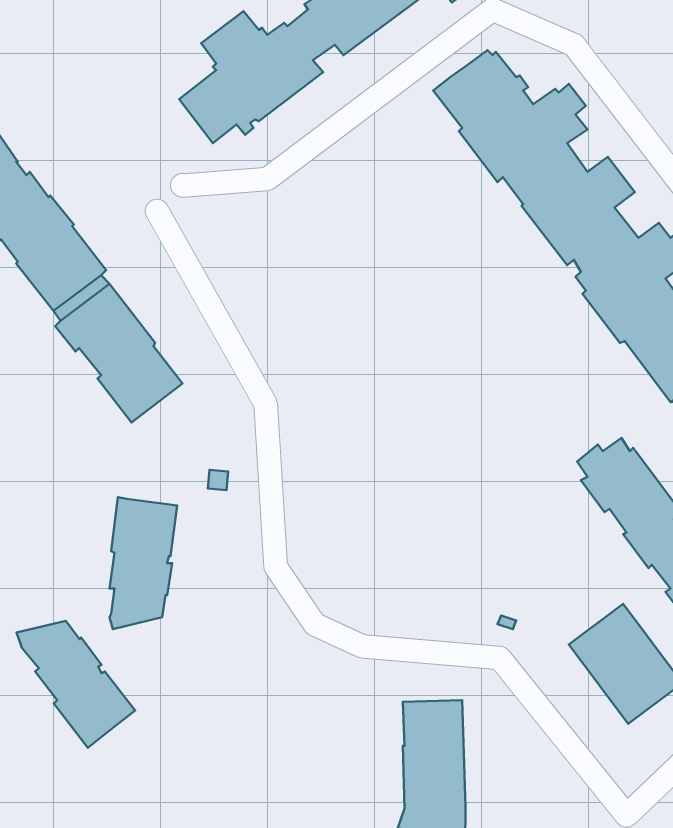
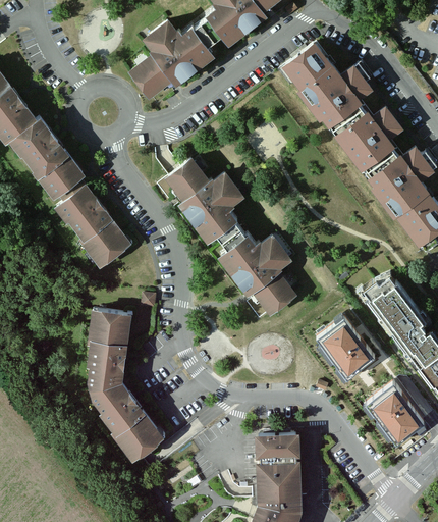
building: none -> [165,157,298,316]
building: none -> [315,315,377,380]
building: [17,621,135,748] -> [88,383,159,460]

